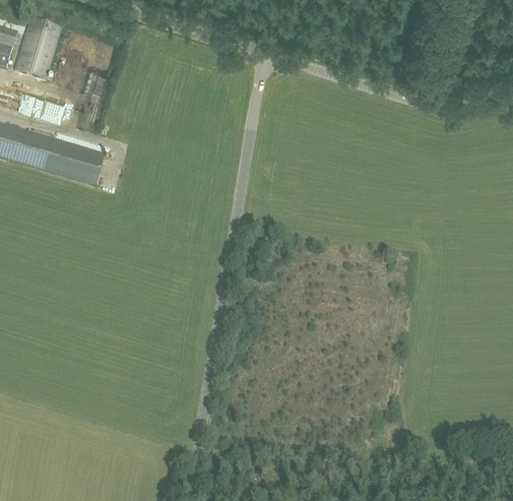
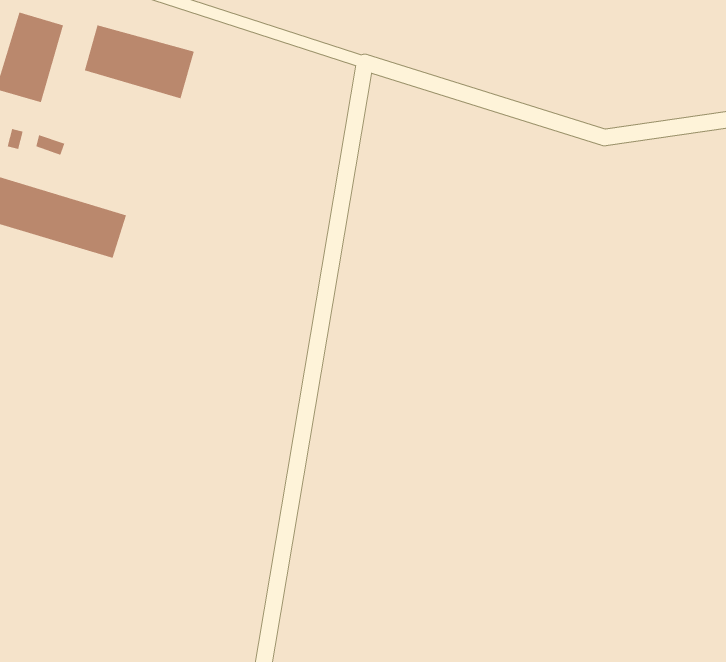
building: none -> [84,24,195,99]

